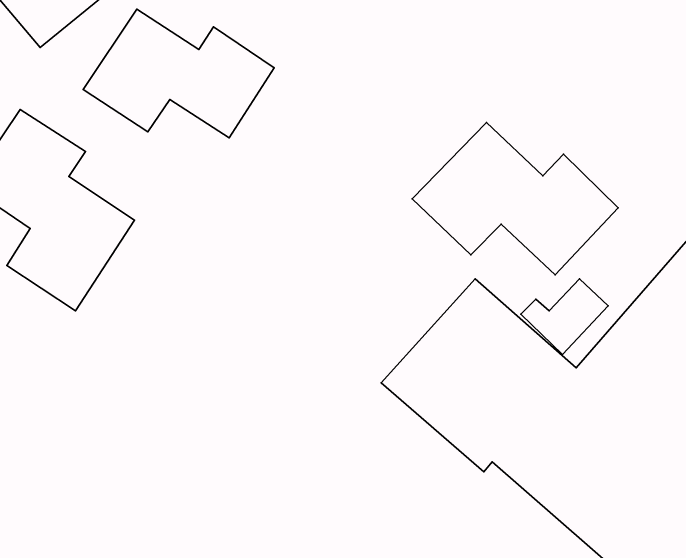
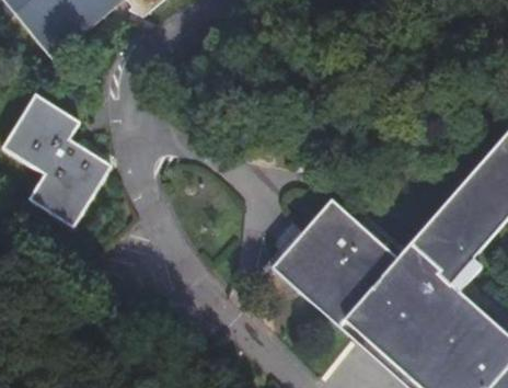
building: [83,9,274,138] -> none
building: [412,122,618,275] -> none

